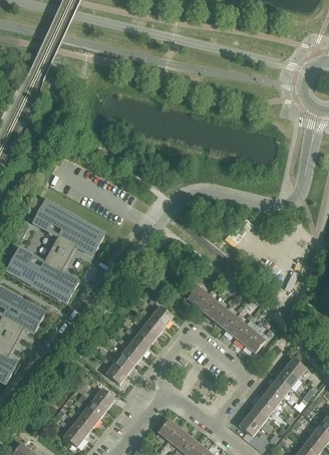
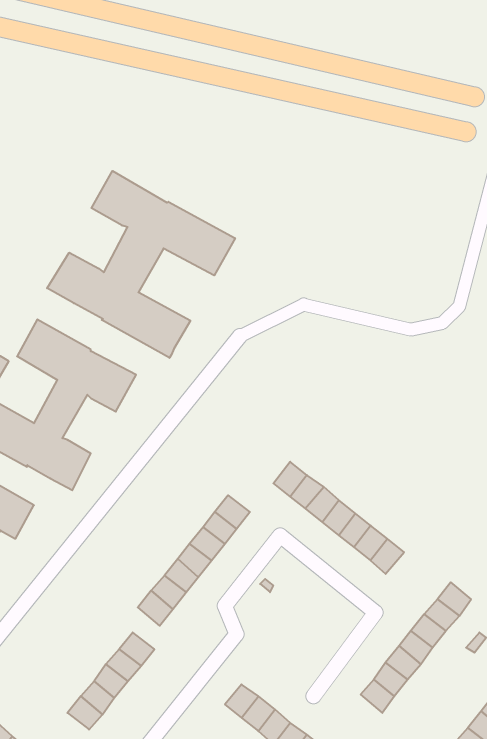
building: none -> [47,171,235,358]

